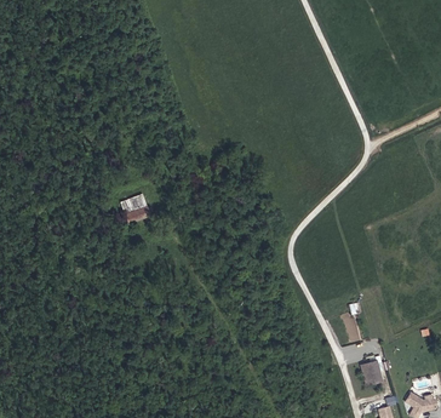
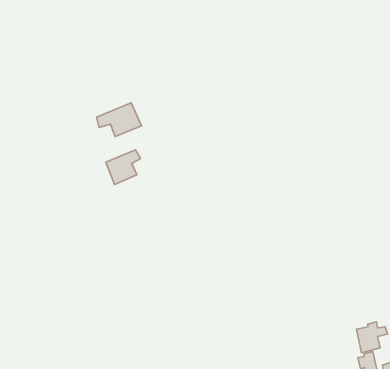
building: none -> [97,103,142,136]

